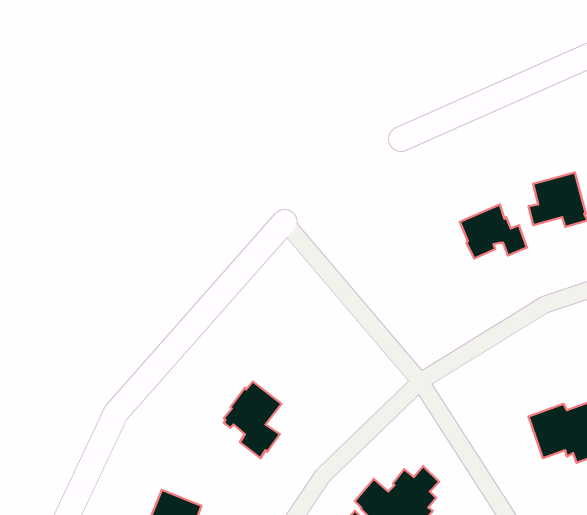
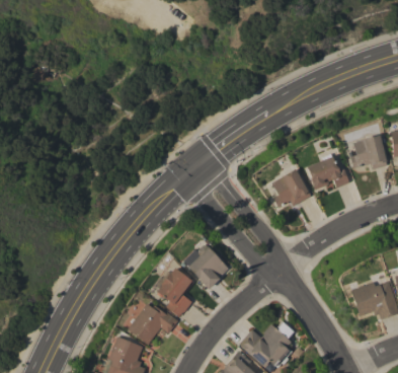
building: none -> [271,168,310,207]
building: none -> [187,245,228,289]
building: none -> [127,303,177,344]

